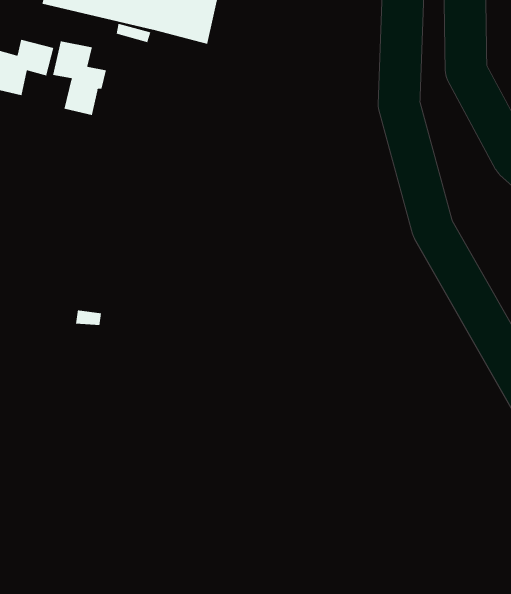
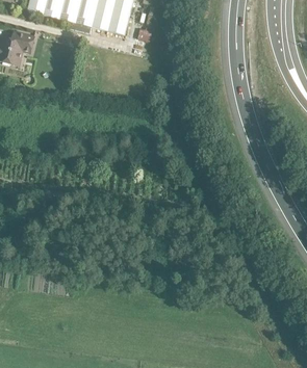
building: [53,40,107,116] -> none

